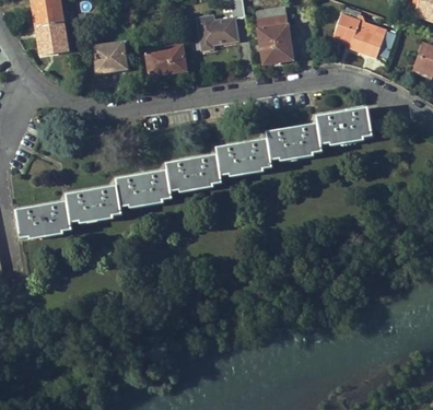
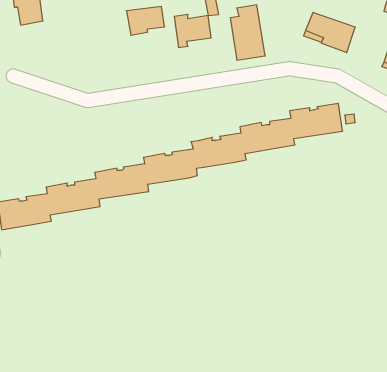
building: [36,23,67,51] -> none
building: [93,43,126,73] -> none
building: [145,46,185,75] -> [126,7,165,35]

